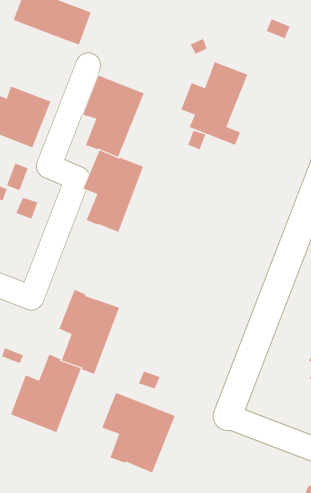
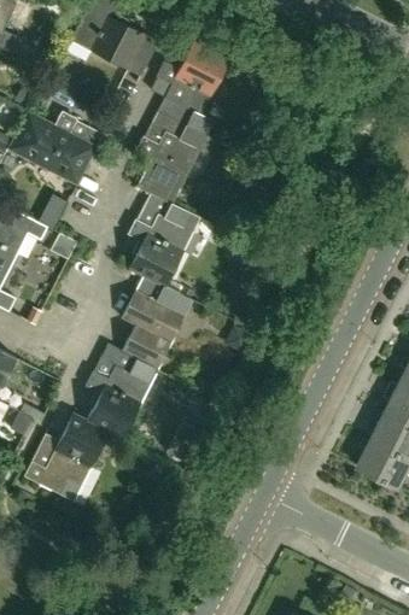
building: [181,61,248,146] -> [152,40,230,135]
building: none -> [122,275,193,369]
building: [102,392,176,473] -> none

